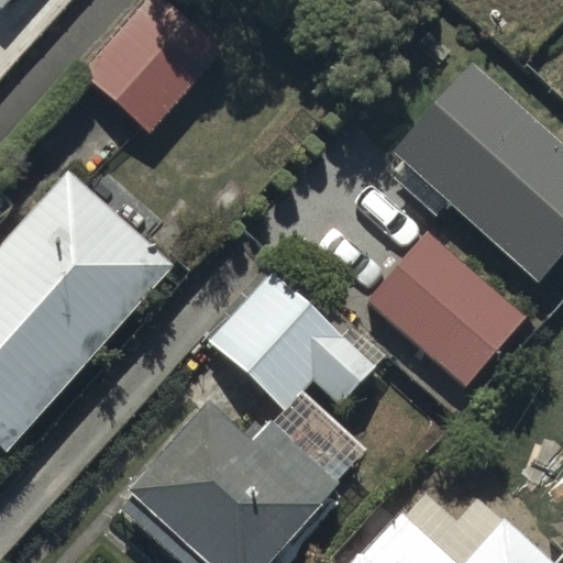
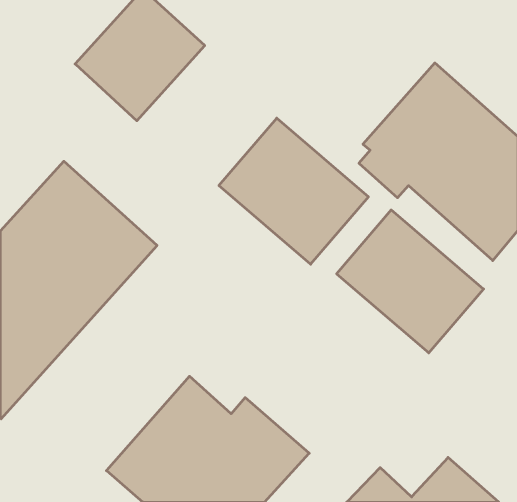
building: none -> [219,118,368,264]
building: [207,267,373,411] -> none

